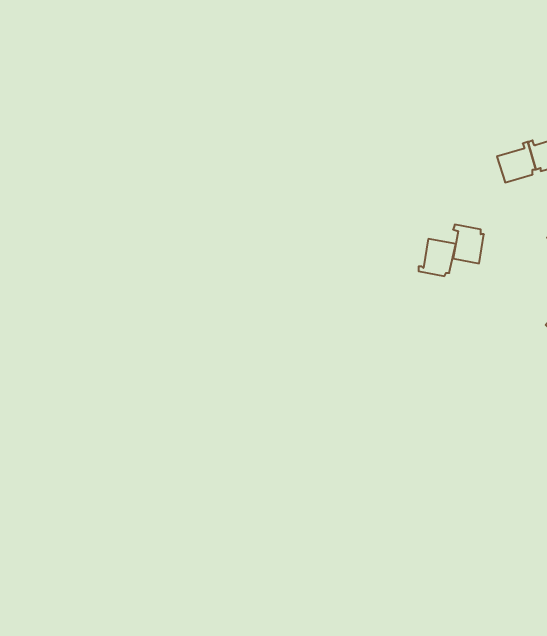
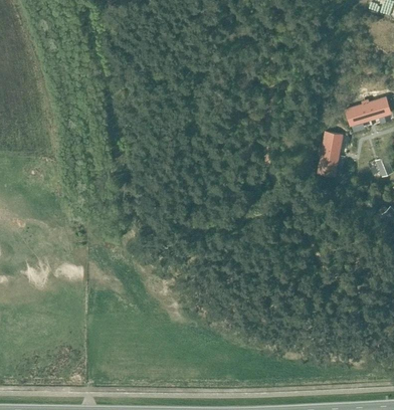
building: [419,239,456,276] -> [320,133,343,156]

